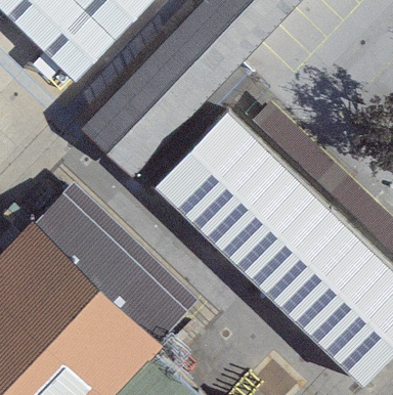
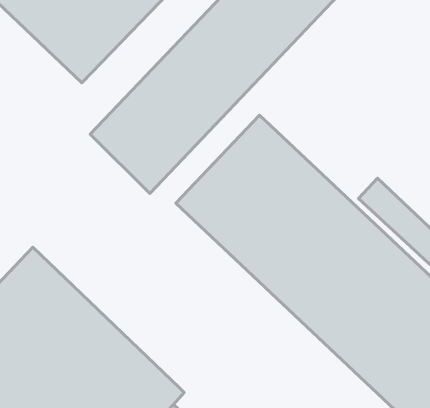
building: [31,182,198,345] -> none

